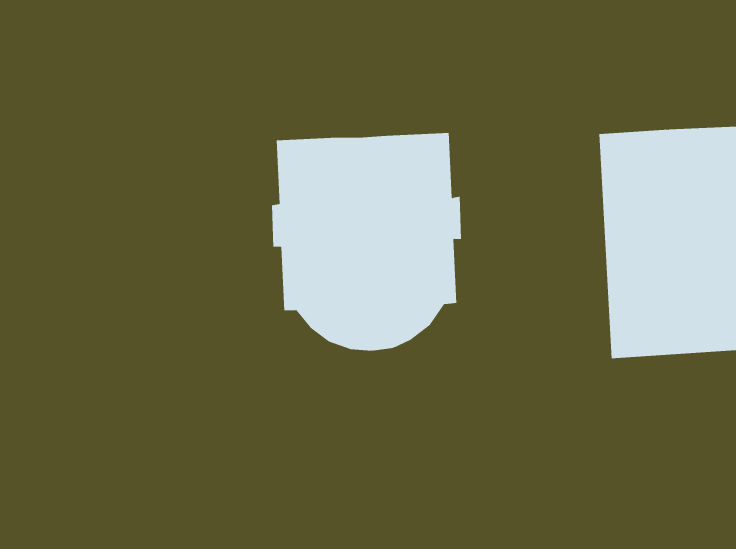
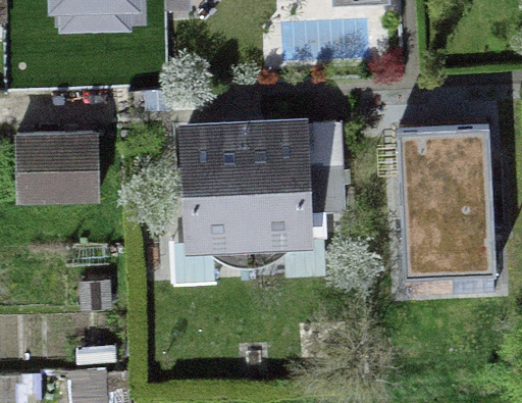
building: none -> [14,137,96,202]

